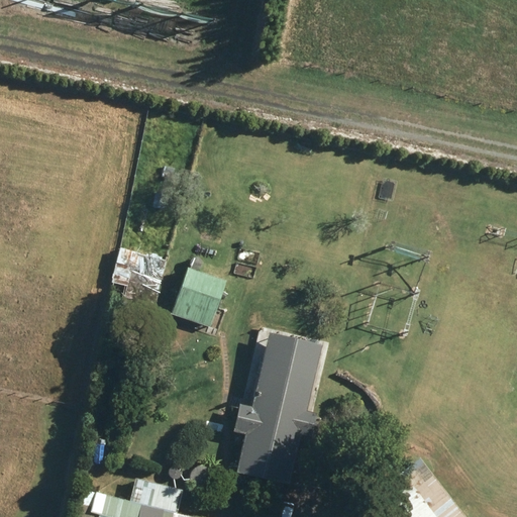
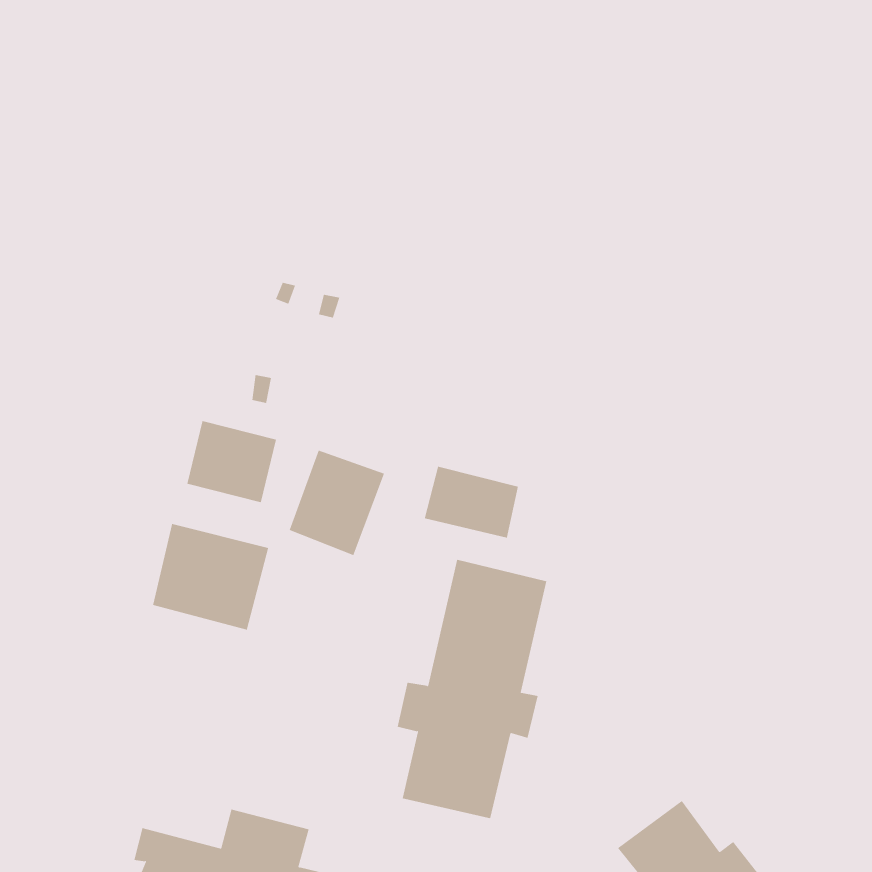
building: none -> [424,466,519,539]
building: none -> [153,523,269,630]

